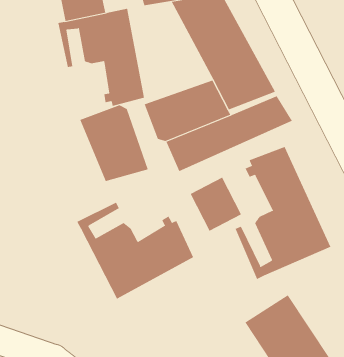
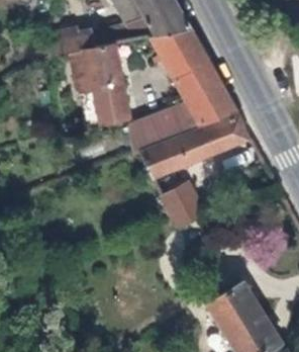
building: [80,105,148,182] -> none
building: [235,146,331,280] -> none
building: [77,202,194,299] -> none

